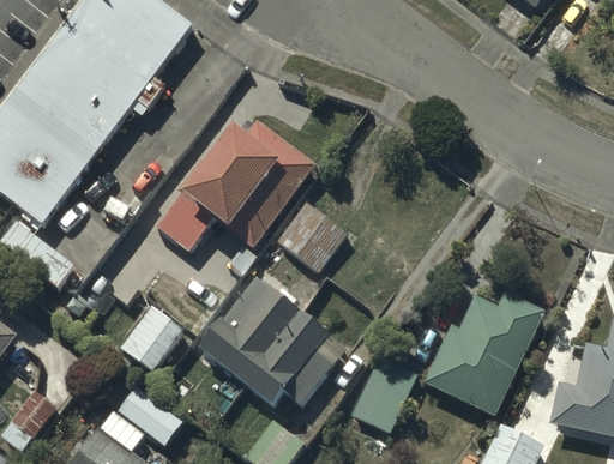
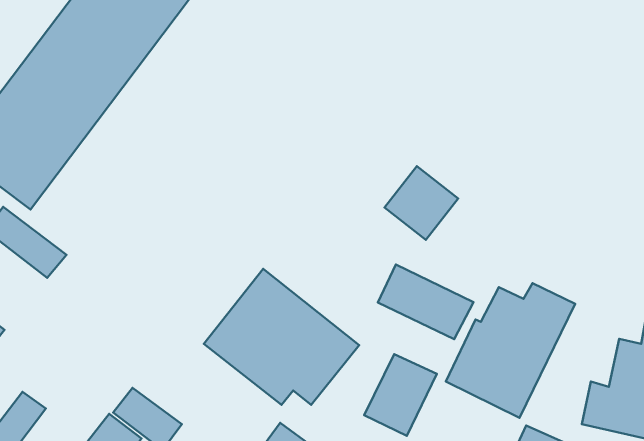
building: [156,121,315,249] -> none
building: [278,204,347,272] -> [384,166,458,240]
building: none -> [378,264,474,339]
building: [119,306,185,373] -> none

